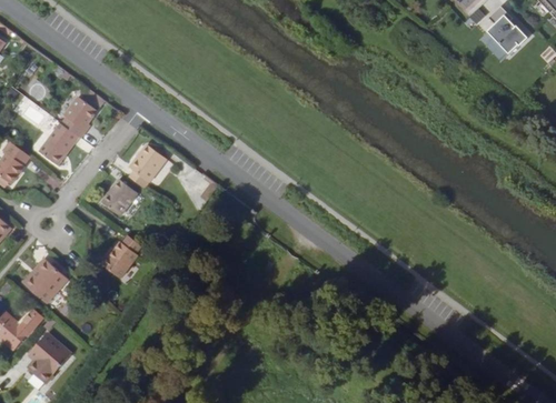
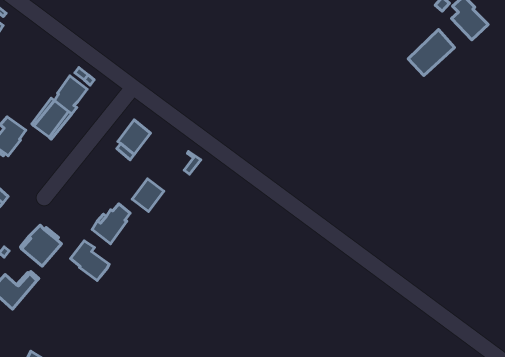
building: none -> [408,30,454,75]
building: [103,180,138,215] -> [132,179,164,212]
building: none -> [70,241,109,280]
building: [29,334,71,383] -> none

